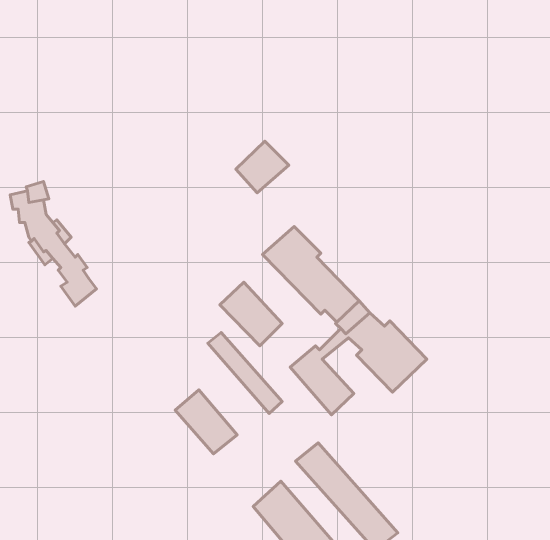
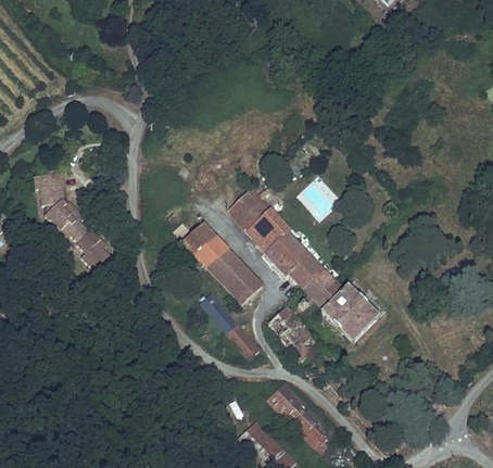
building: [236,141,289,193] -> [227,187,270,229]
building: none -> [182,223,229,270]
building: [175,390,237,454] -> none

